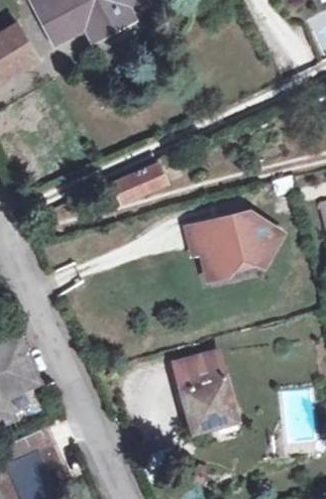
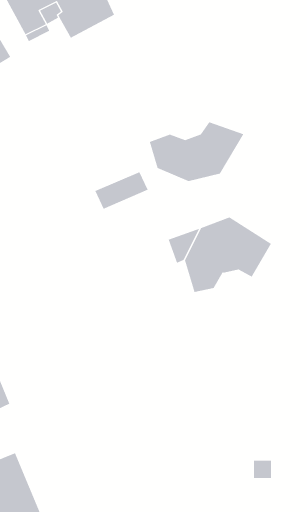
building: none -> [149,121,244,182]
building: [178,352,236,430] -> none

